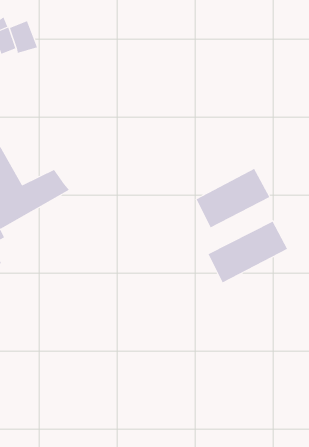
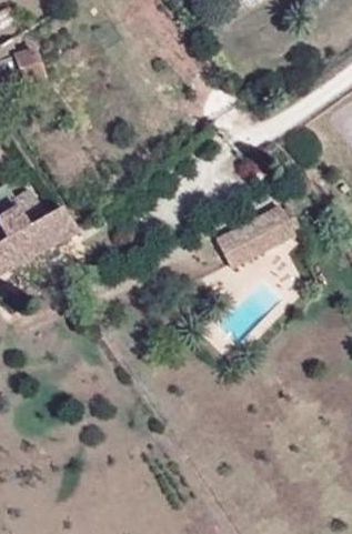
building: [208,221,288,283] -> none

